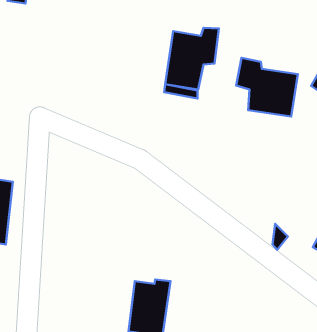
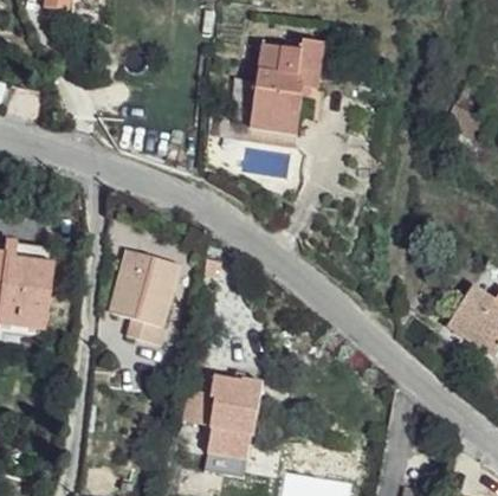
building: [236,58,298,117] -> none
building: none -> [110,247,174,344]

